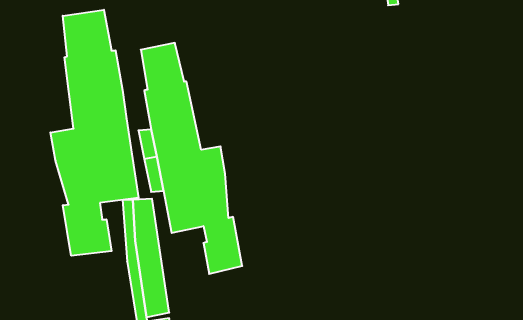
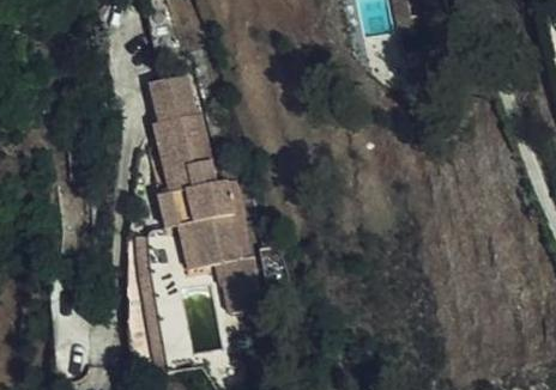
building: [50,10,139,256] -> none

